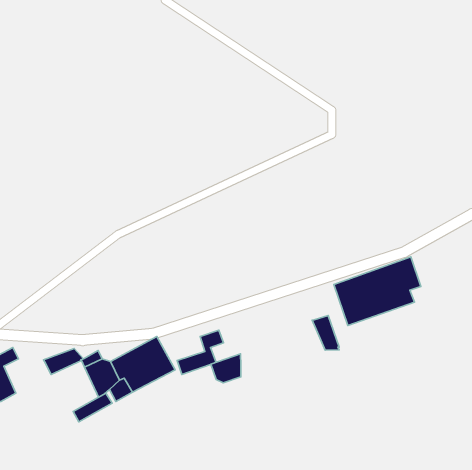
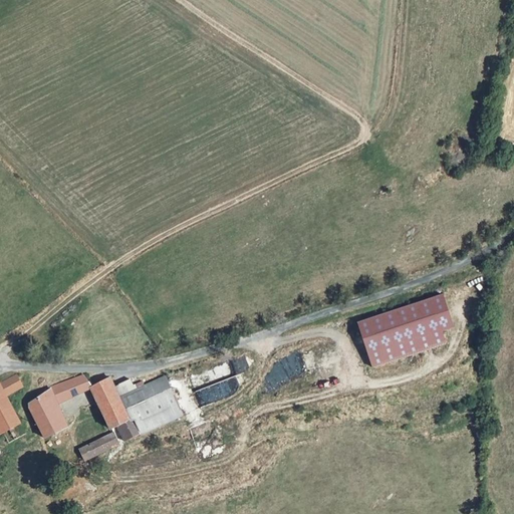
building: [312,315,339,350] -> none
building: [211,354,241,383] -> none
building: none -> [27,396,74,445]

